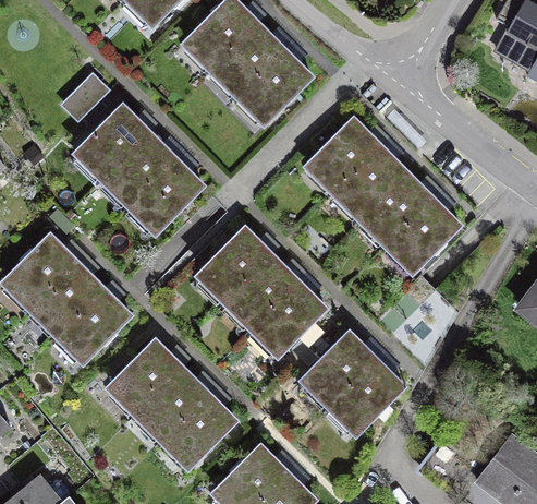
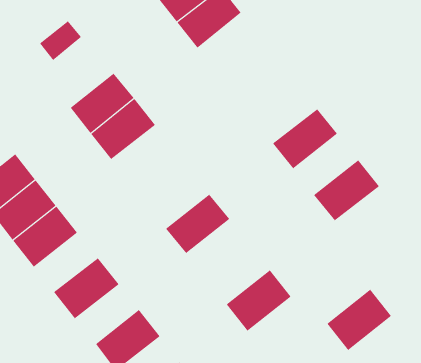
building: [239,49,310,122] -> none
building: [77,106,149,178] -> none
building: [308,119,380,191] -> none
building: [361,171,432,243] -> none
building: [200,228,271,300] -> none
building: [253,280,325,352] -> none
building: [331,359,403,431] -> [326,289,392,351]
building: [137,368,208,437] -> none

